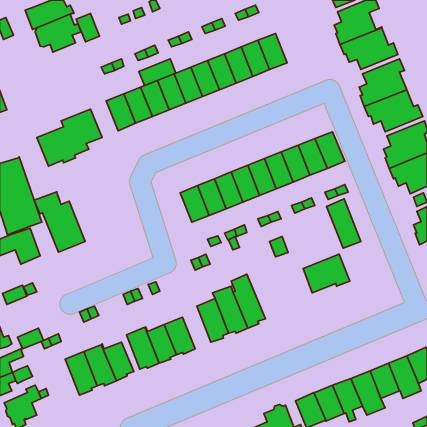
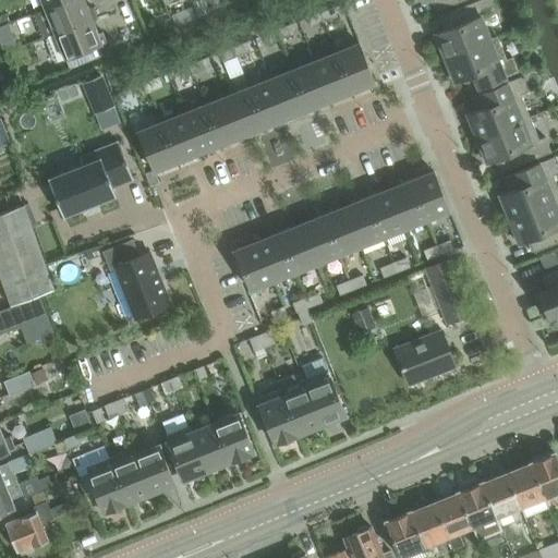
building: [76,13,100,42] -> [83,77,113,114]
building: [139,59,176,86] -> none
building: [34,192,85,252] -> [104,242,170,320]

